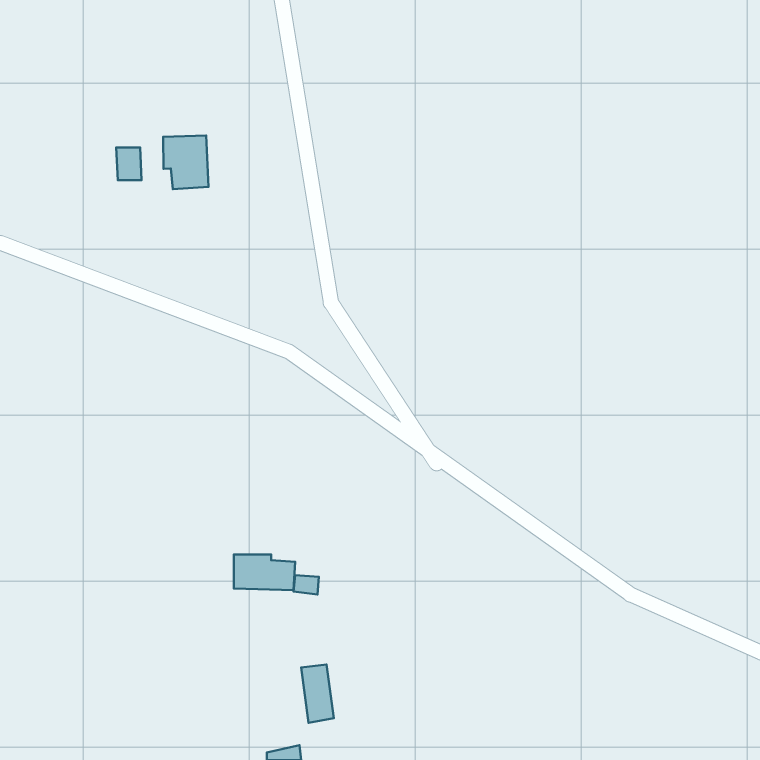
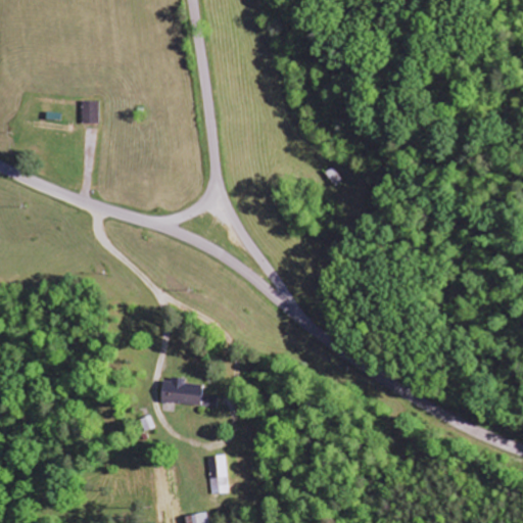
building: [163,136,208,189] -> none

